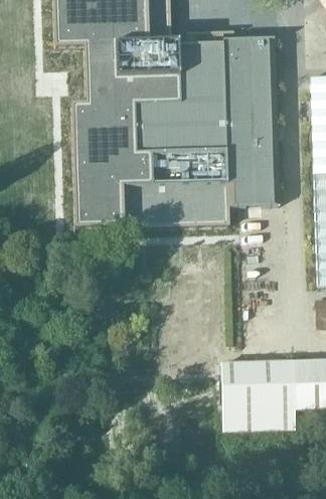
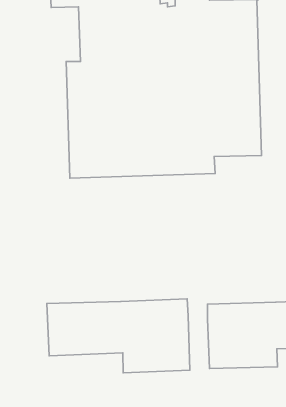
building: none -> [47,299,190,373]

